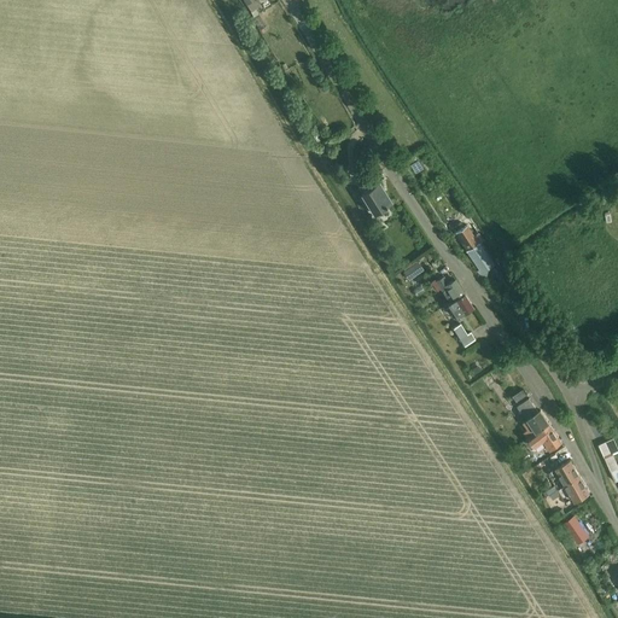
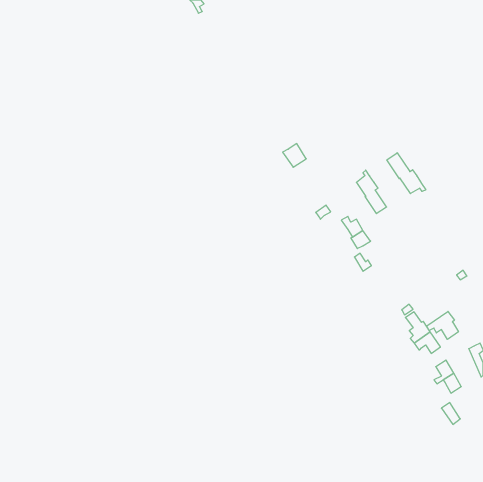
building: none -> [387,153,426,194]
building: none -> [427,311,458,339]

